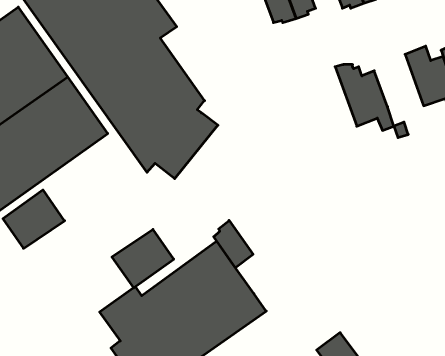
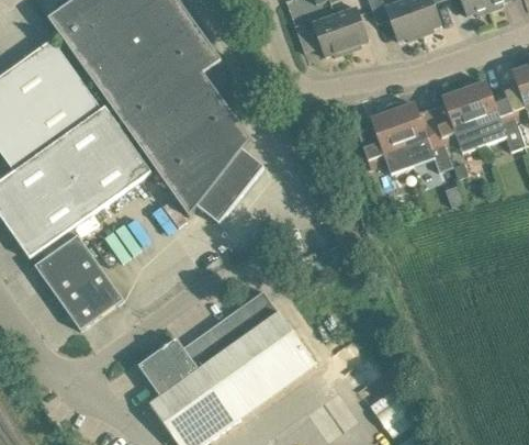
building: none -> [431,89,484,152]
building: none -> [358,102,413,174]
building: [214,220,253,268] -> none
building: [112,229,174,288] -> [57,267,123,330]

